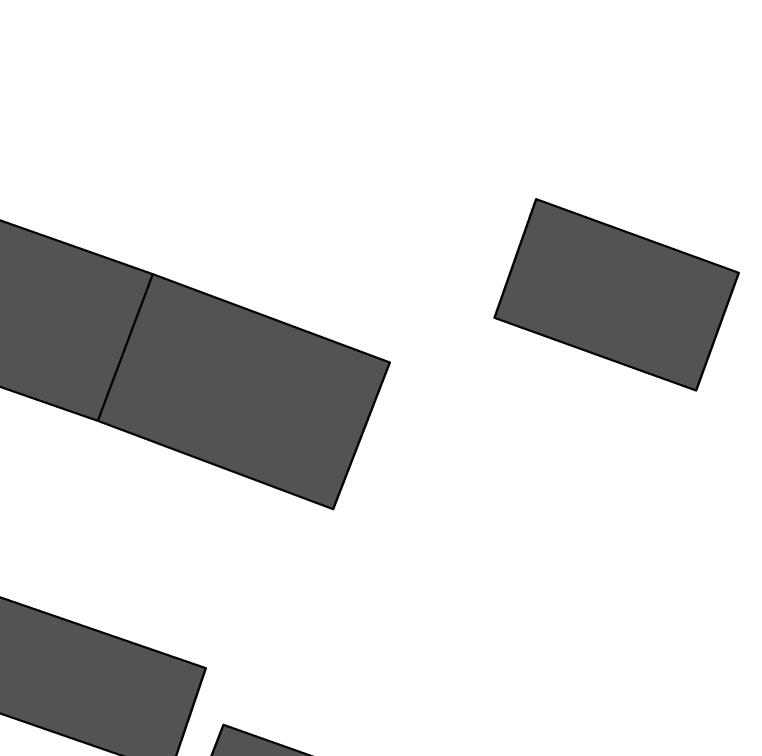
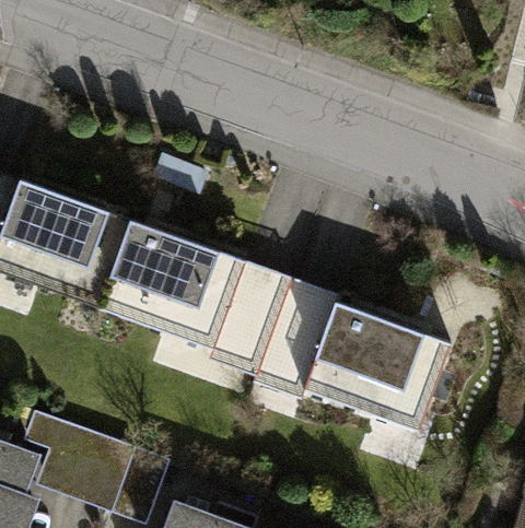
building: [494,199,739,391] -> none
building: none -> [257,282,450,437]

